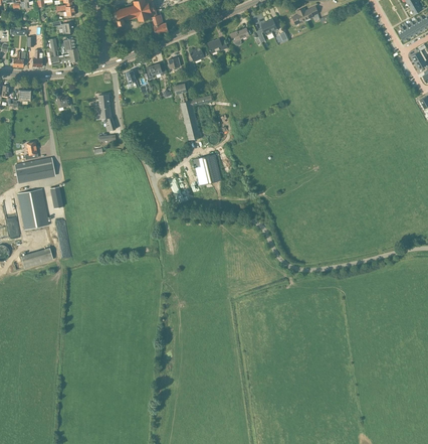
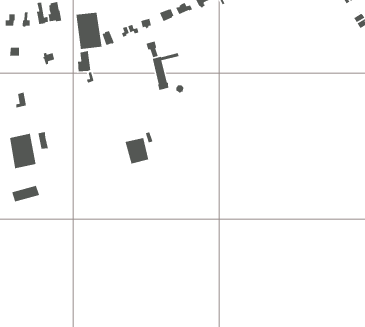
building: none -> [76,12,103,50]
building: [192,154,220,185] -> [125,137,149,164]
building: [14,158,54,182] -> none

